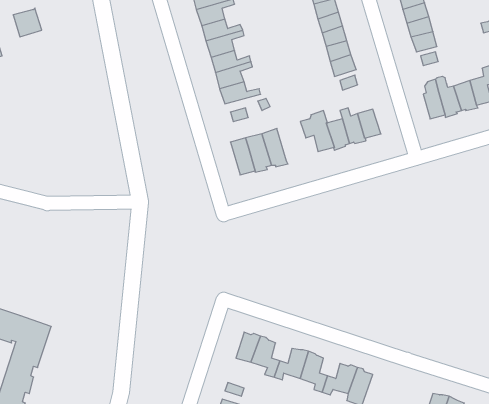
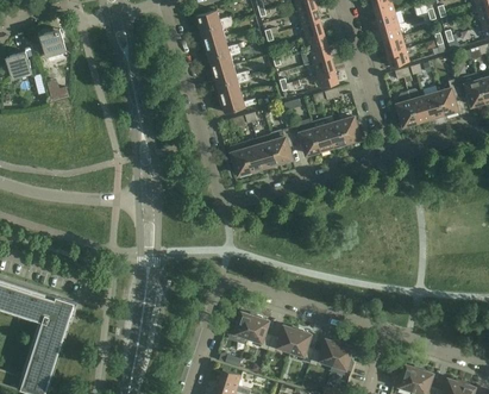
building: none -> [270,129,295,163]

